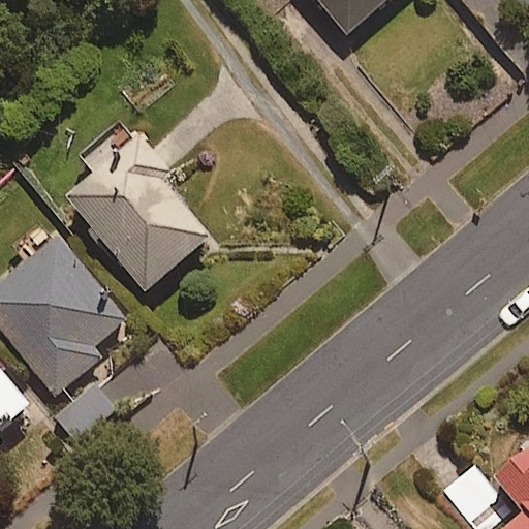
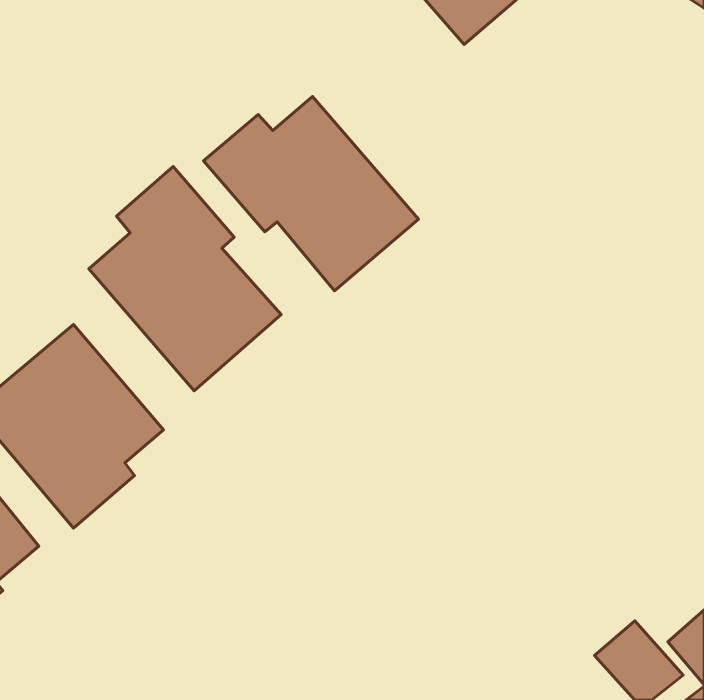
building: none -> [203,96,418,291]

